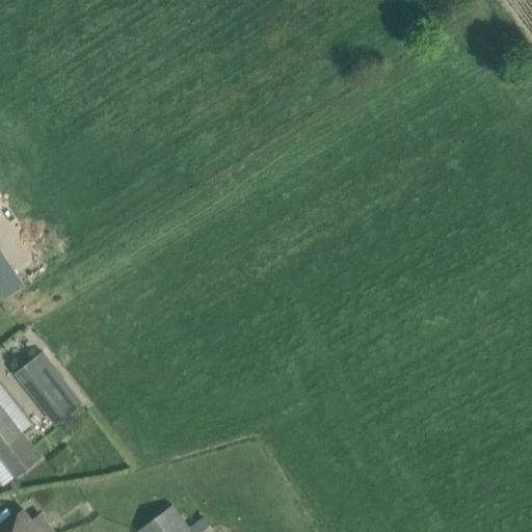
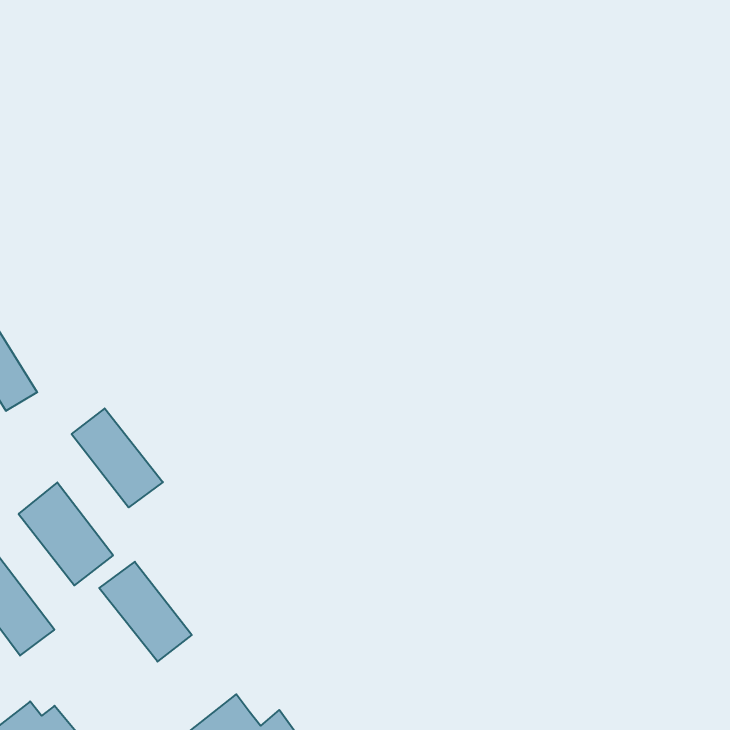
building: none -> [72,408,163,507]
building: none -> [99,562,192,662]

